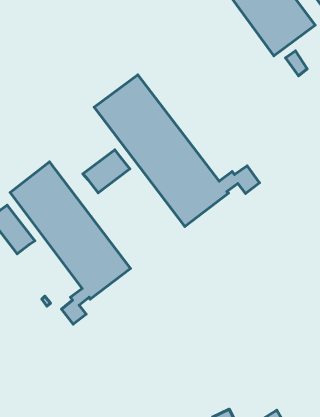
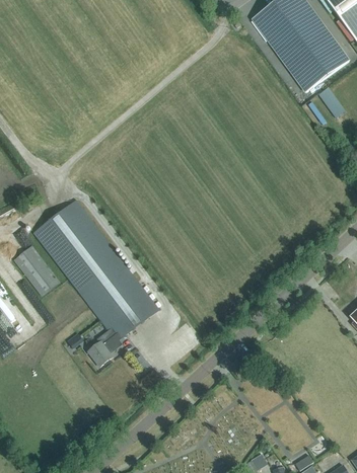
building: [94,75,259,227] -> none
building: [83,150,130,193] -> none

